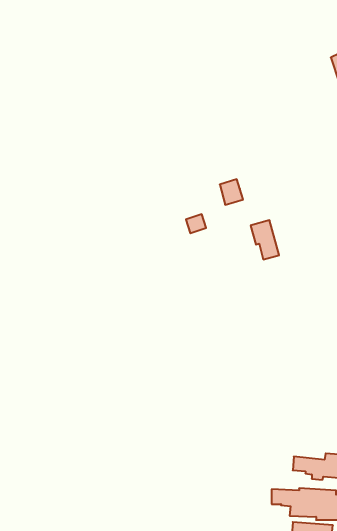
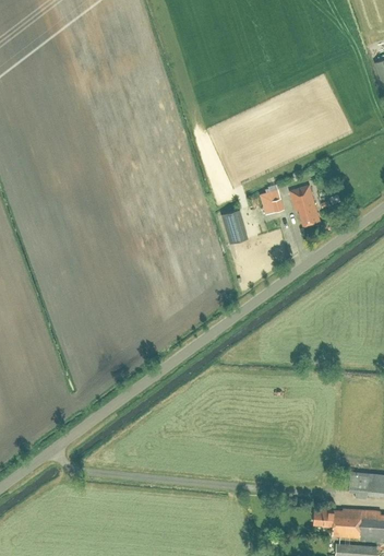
building: [251,220,279,259] -> [290,186,320,226]

